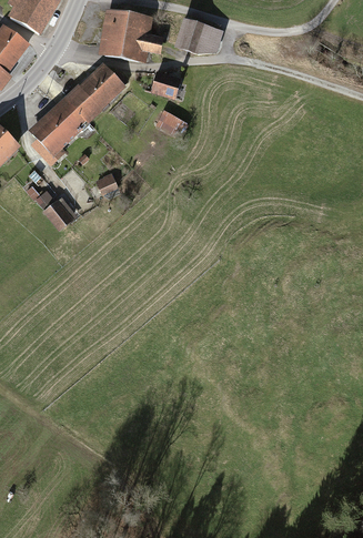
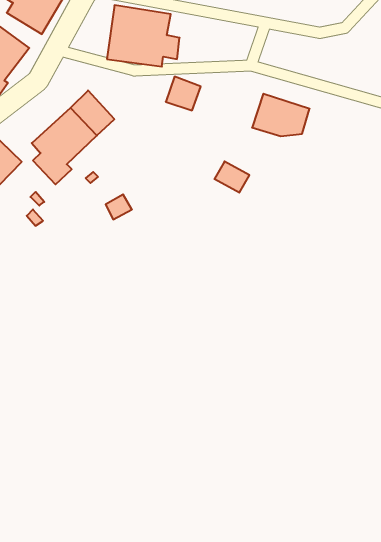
building: [172,17,223,54] -> [252,94,310,136]
building: [81,63,125,108] -> none
building: [154,110,185,138] -> [214,161,249,193]
building: [43,201,73,233] -> none

